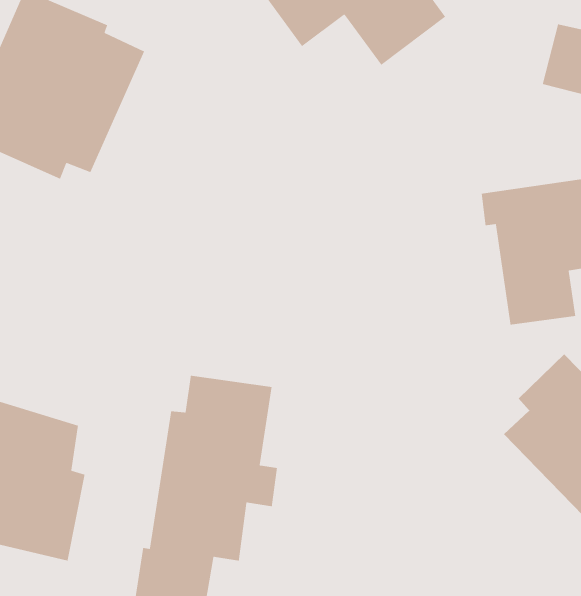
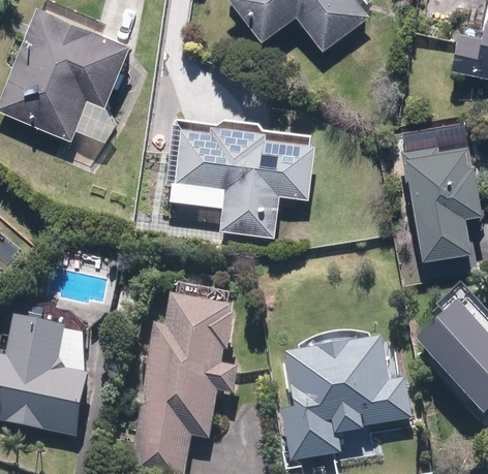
building: none -> [170,112,319,238]
building: none -> [279,336,411,462]

